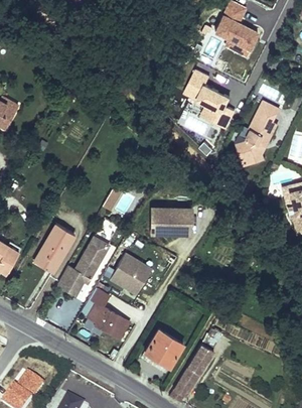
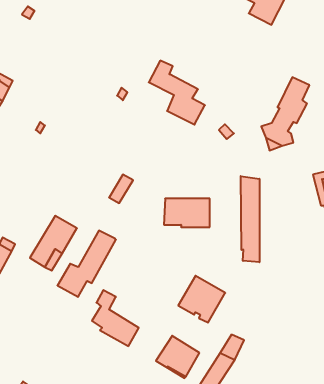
building: [187,71,237,127] -> [149,61,205,125]
building: none -> [241,176,259,262]
building: [110,253,151,294] -> [178,276,225,323]

